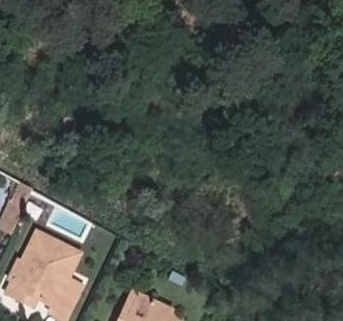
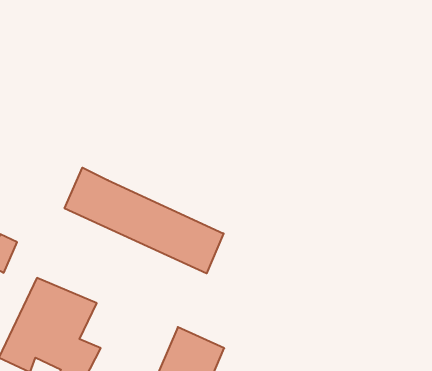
building: none -> [65,168,224,273]

